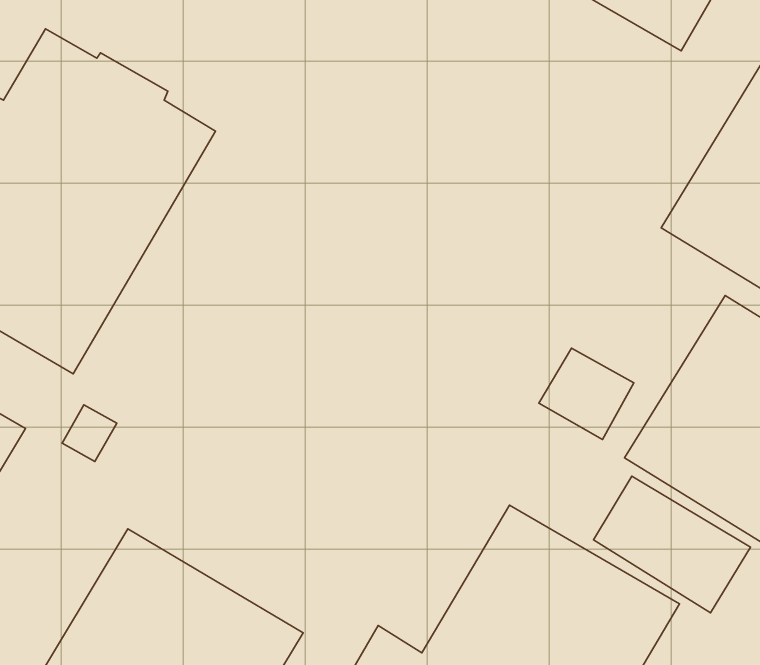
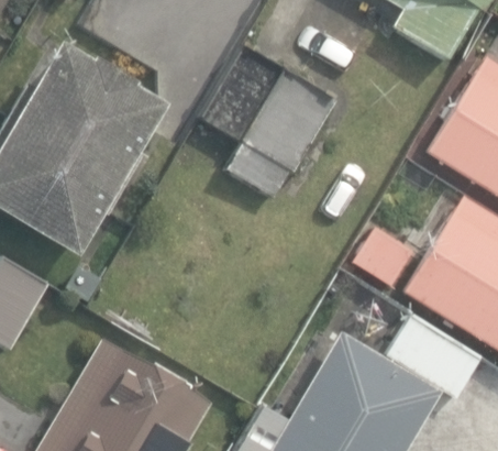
building: none -> [201,43,336,194]

